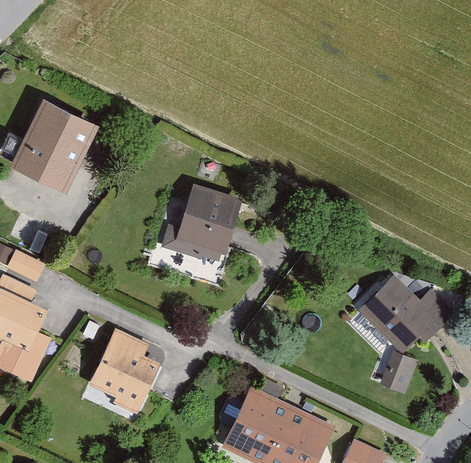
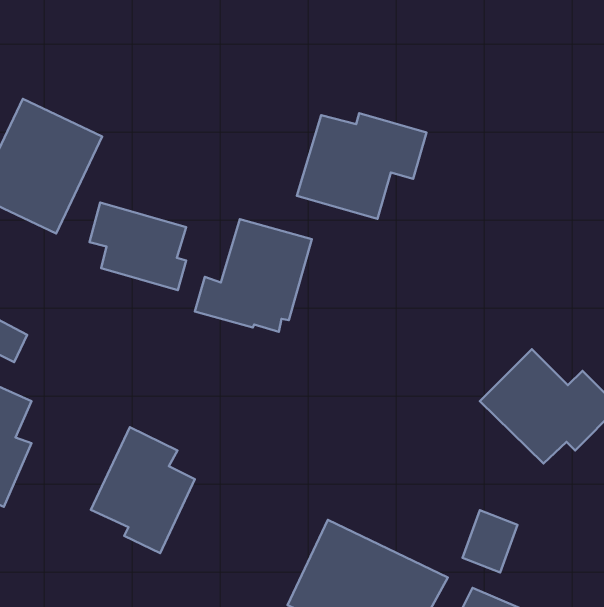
building: none -> [297,113,427,219]
building: none -> [89,203,186,290]
building: [378,350,416,393] -> [462,510,517,572]

